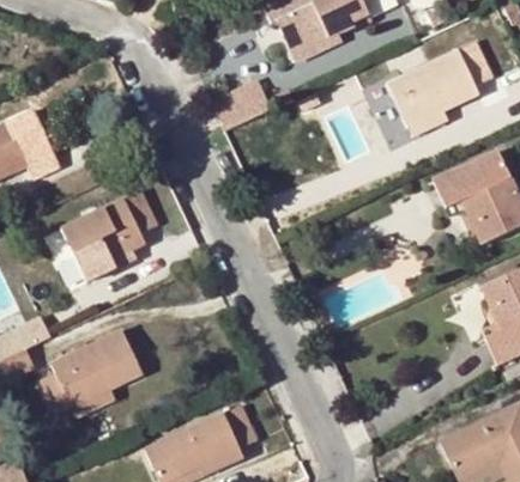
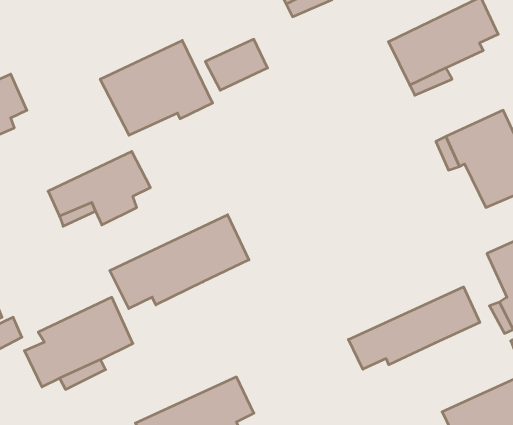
building: none -> [100,40,213,135]
building: none -> [110,215,249,309]
building: none -> [348,287,480,369]

